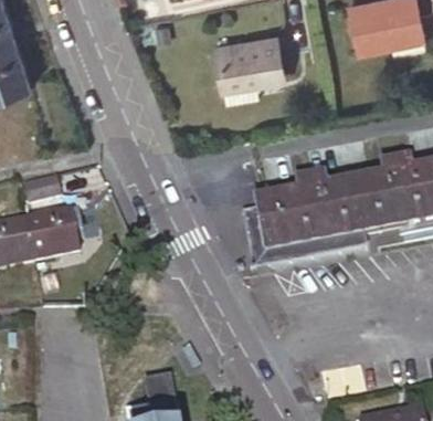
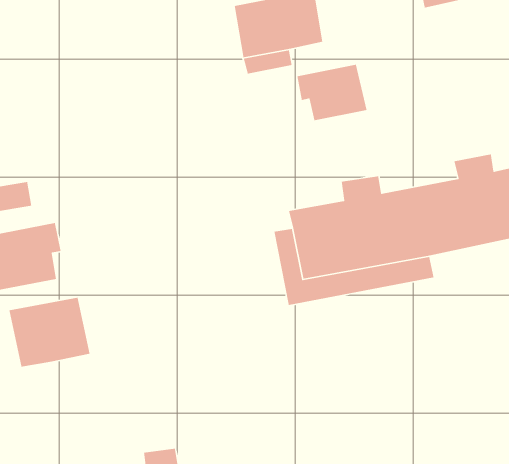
building: none -> [296,64,368,121]
building: none -> [8,297,91,368]

